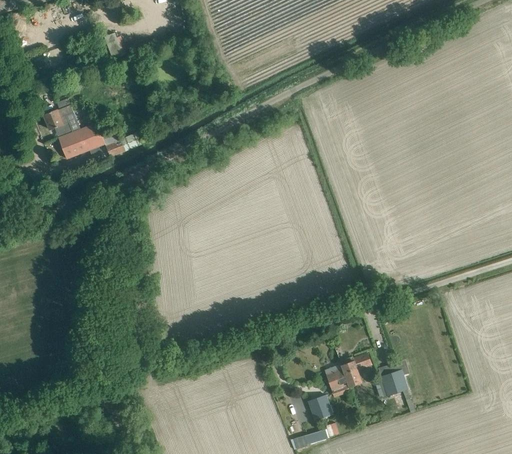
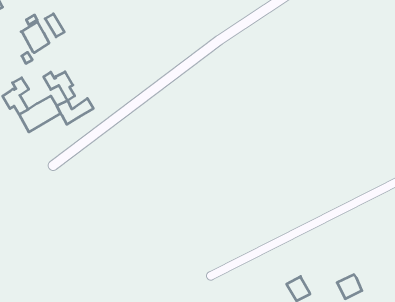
building: none -> [21,22,49,53]
building: none -> [44,72,75,101]
building: [339,353,371,387] -> none

